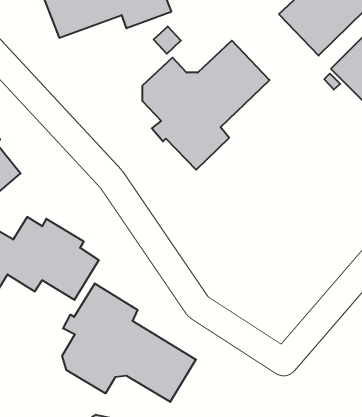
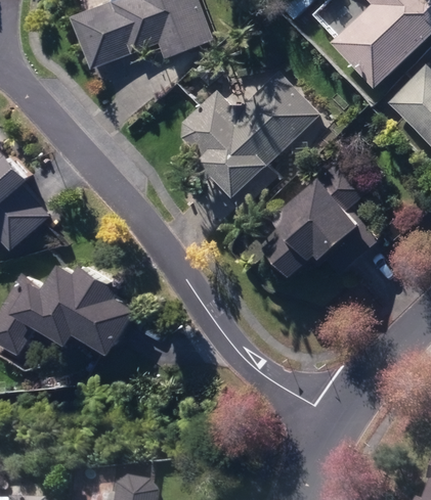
building: none -> [258,158,374,279]
building: [62,283,196,402] -> none

